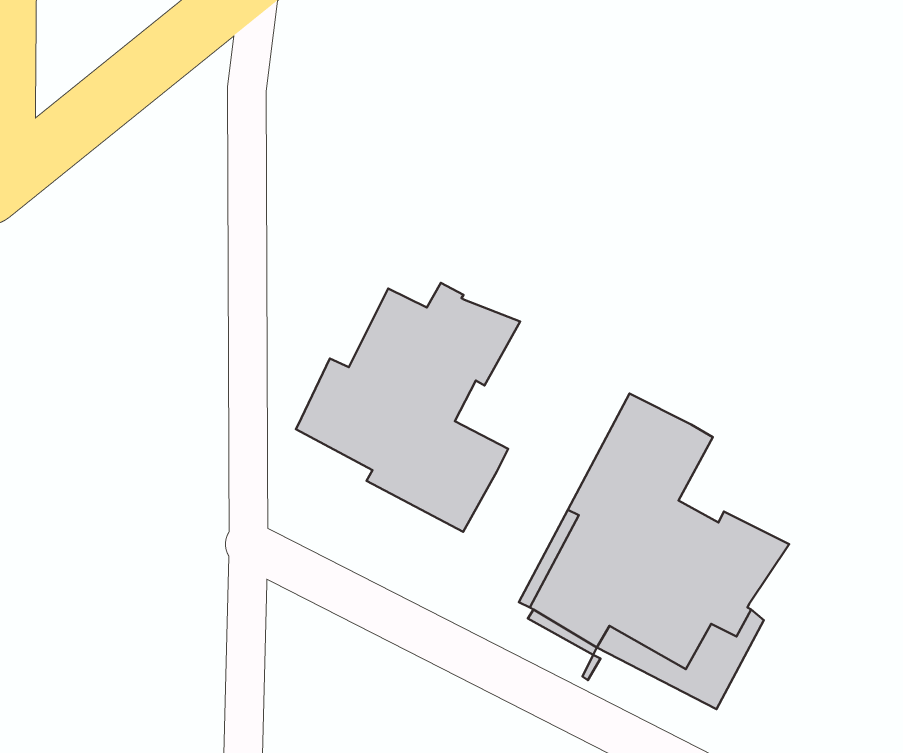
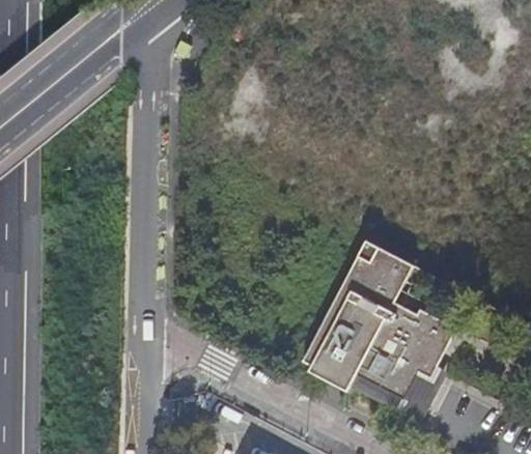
building: [296,283,520,532] -> none

